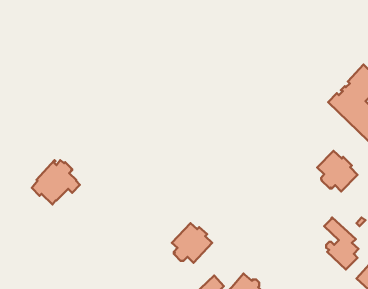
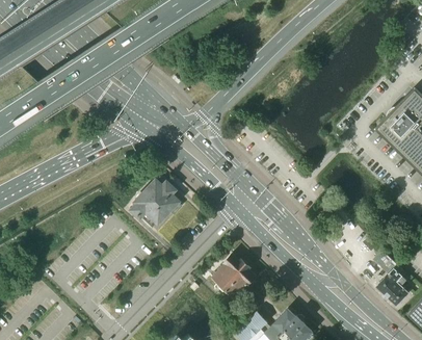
building: [317,151,357,192] -> none
building: [32,160,80,205] -> [131,181,182,228]

